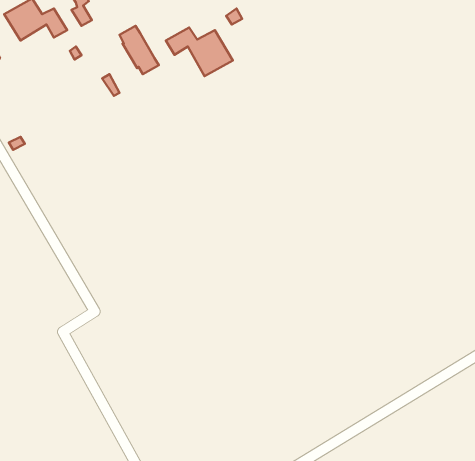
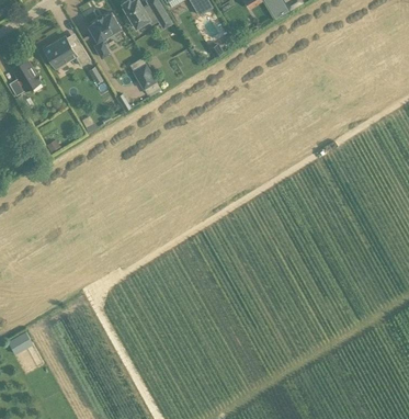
building: [166,27,233,76] -> none

